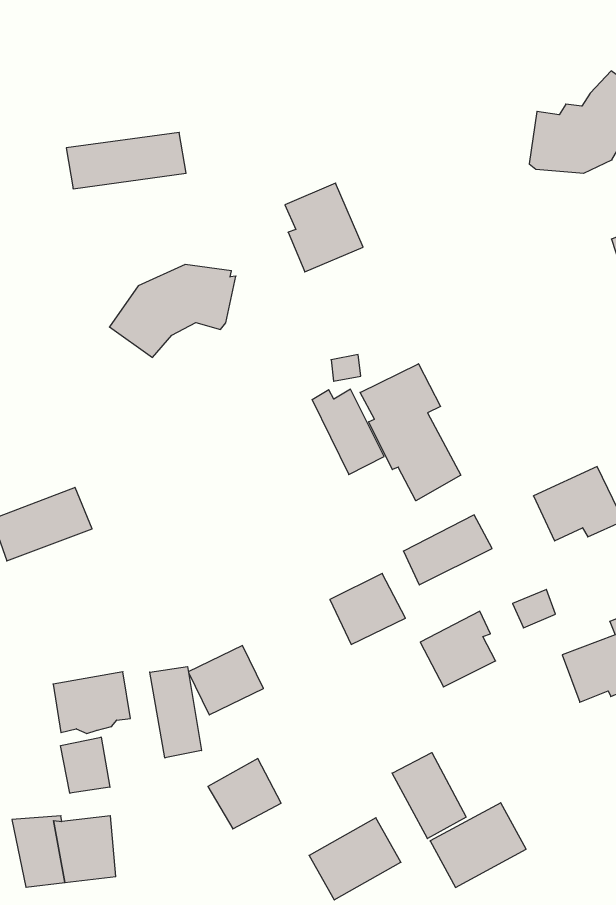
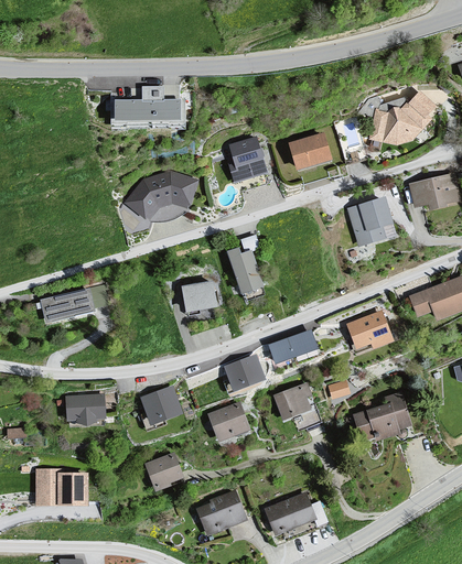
building: none -> [290,133,334,170]
building: none -> [345,198,394,245]
building: [360,364,461,501] -> none
building: none -> [182,282,217,312]
building: none -> [208,402,251,441]
building: [150,667,201,758] -> none
building: [61,737,110,793] -> none
building: [392,753,466,839] -> none

